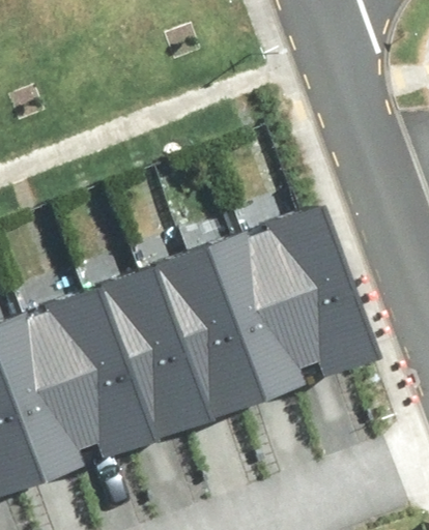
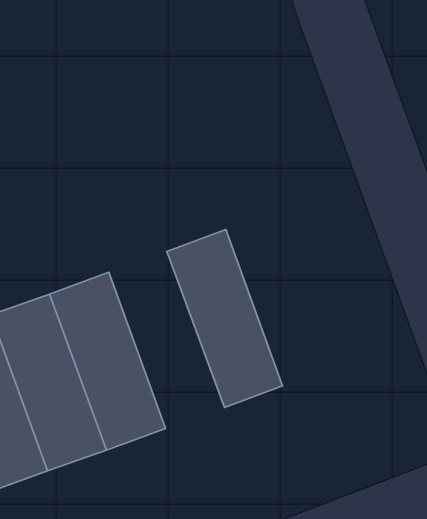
building: [237,217,347,385] -> none
building: [126,258,236,425] -> none

